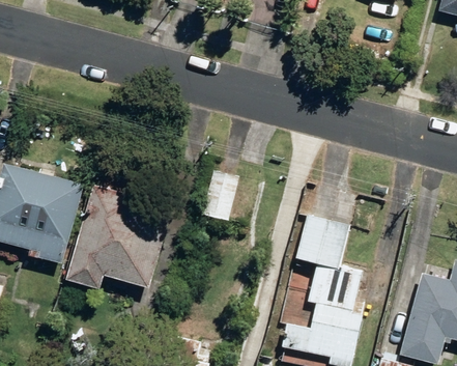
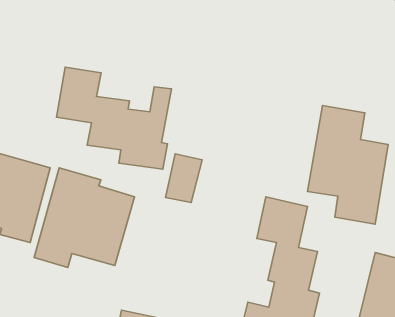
building: none -> [56,67,172,169]
building: none -> [308,105,388,224]

